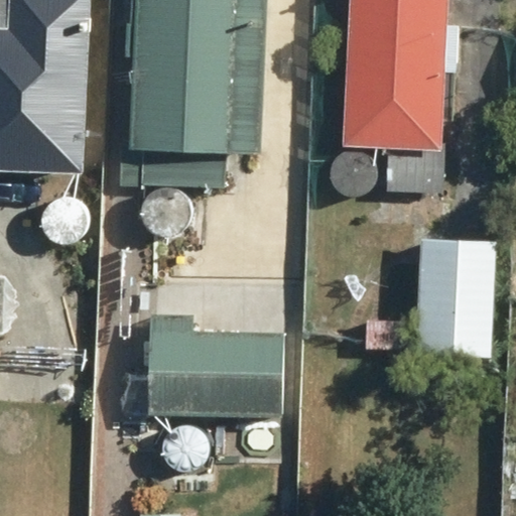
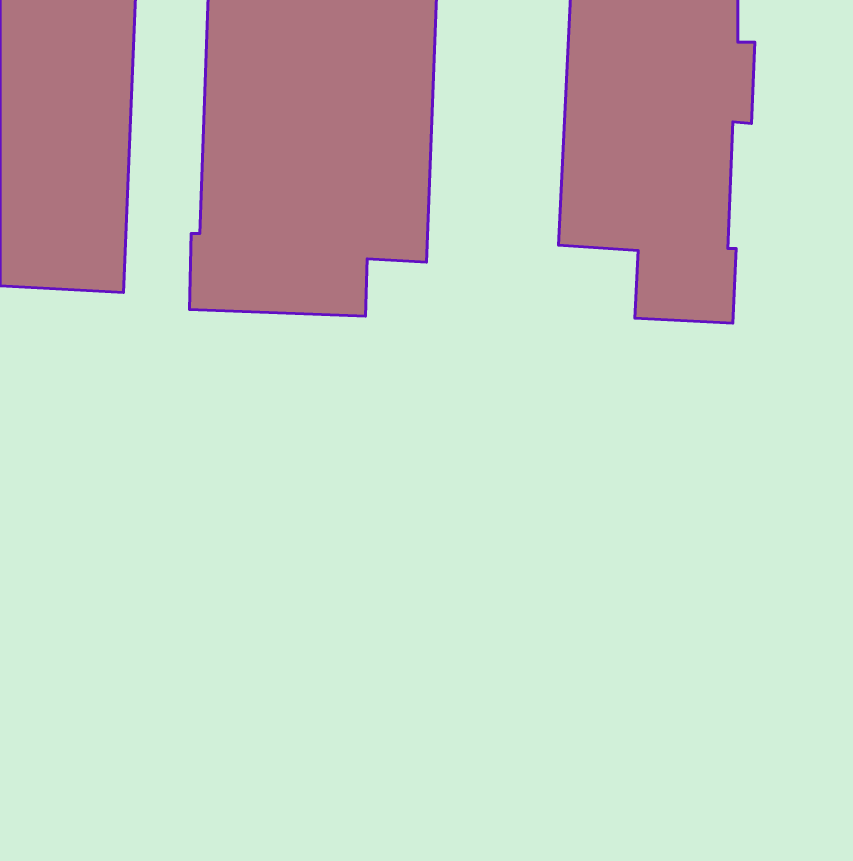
building: [364,236,495,358] -> none
building: [146,312,282,415] -> none

